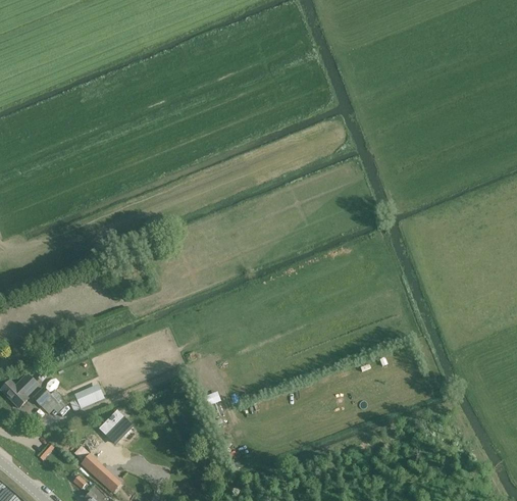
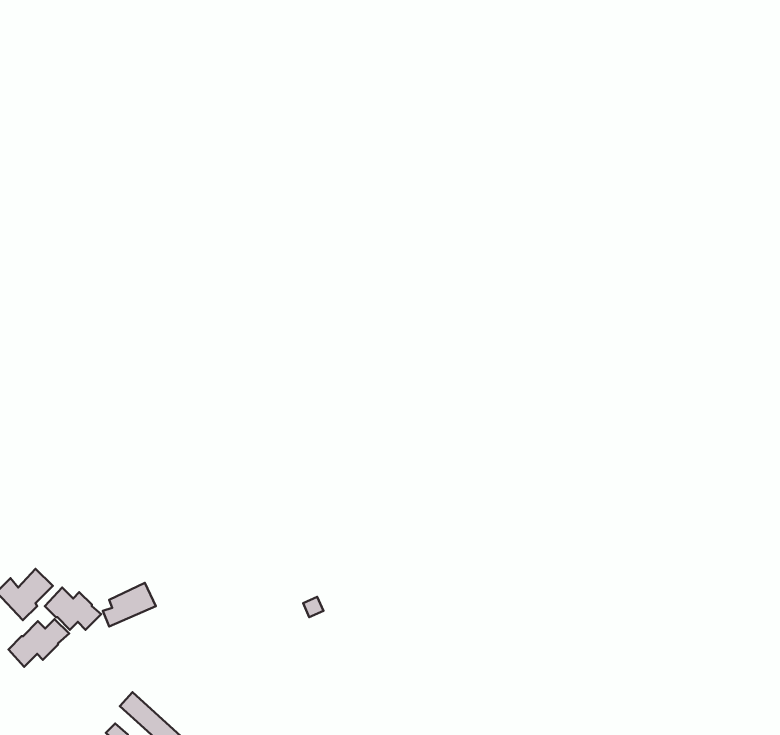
building: none -> [8,619,69,667]
building: [100,410,132,442] -> none

